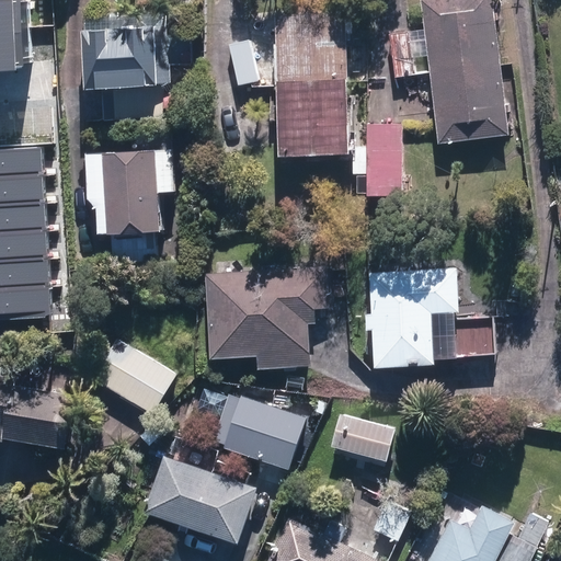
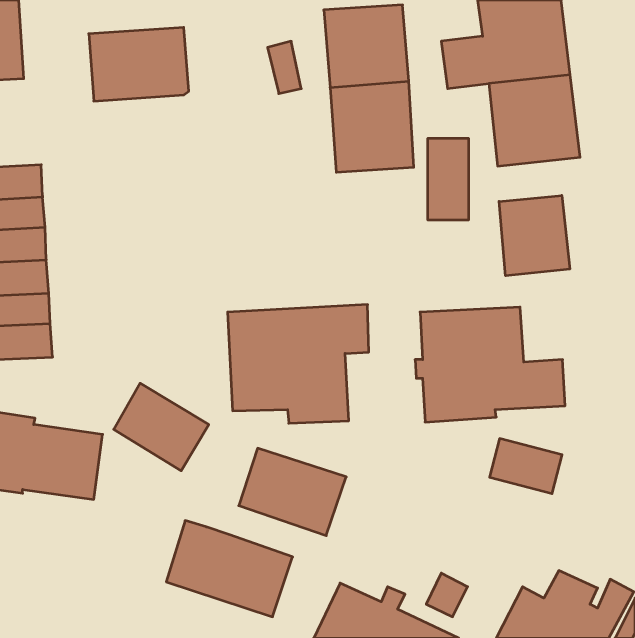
building: [99,150,172,236] -> none
building: none -> [499,195,570,276]
building: [329,415,392,463] -> [490,439,562,494]

